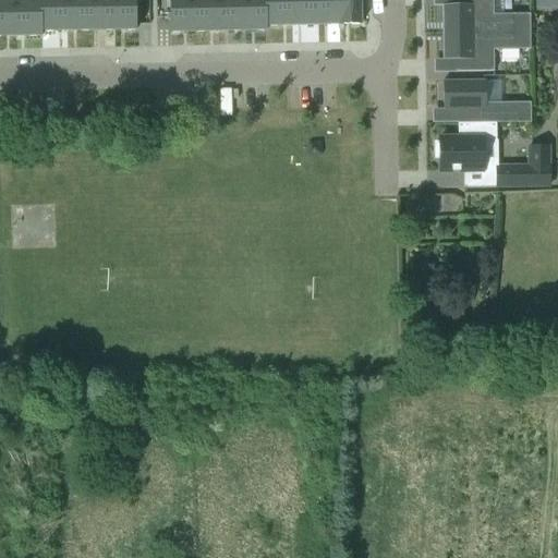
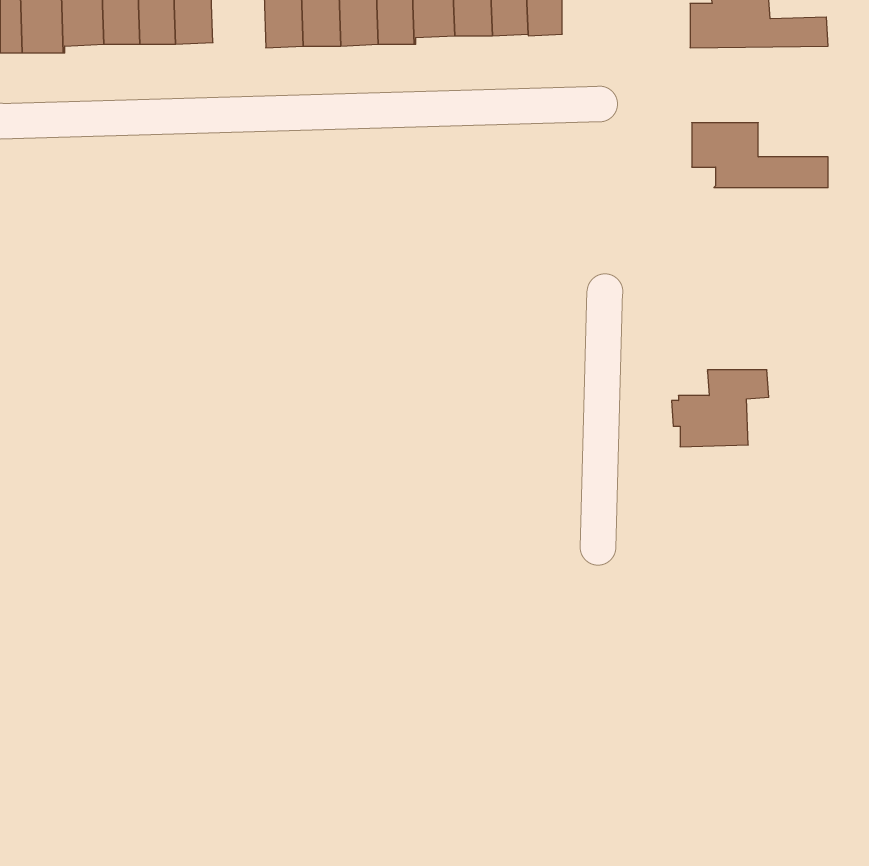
building: [442,29,531,69] -> none
building: [435,120,497,169] -> [672,370,769,447]
building: [497,144,549,184] -> none

